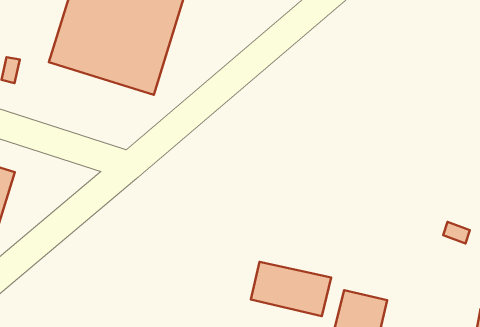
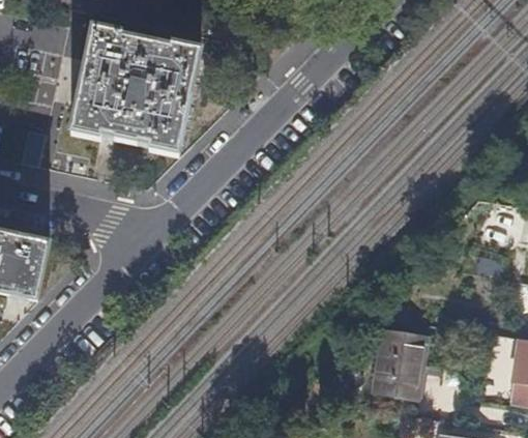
building: [251,262,331,316] -> none

